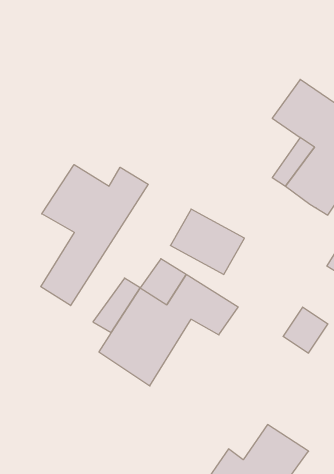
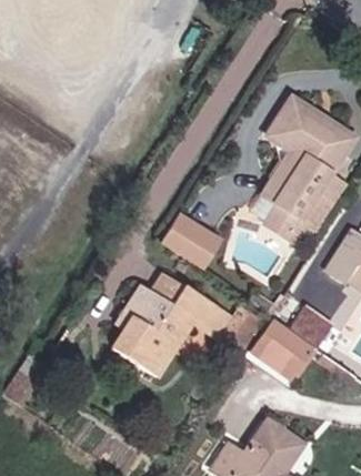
building: [41,165,148,306] -> none
building: none -> [265,199,310,244]
building: none -> [252,330,310,384]

